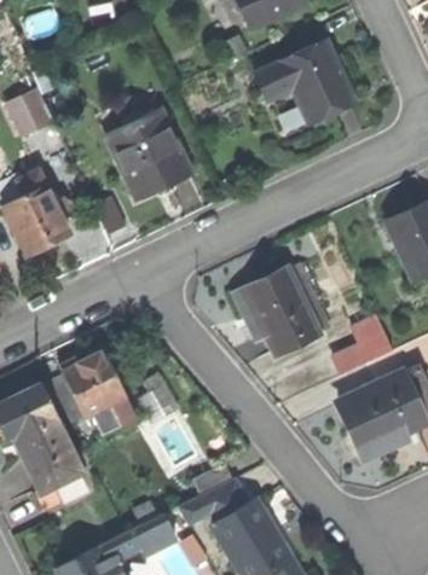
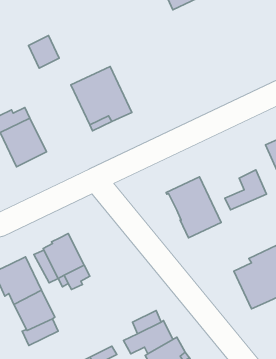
building: [255,40,358,124] -> none
building: [7,88,52,135] -> [28,36,59,68]
building: [334,318,394,376] -> [225,170,267,210]

